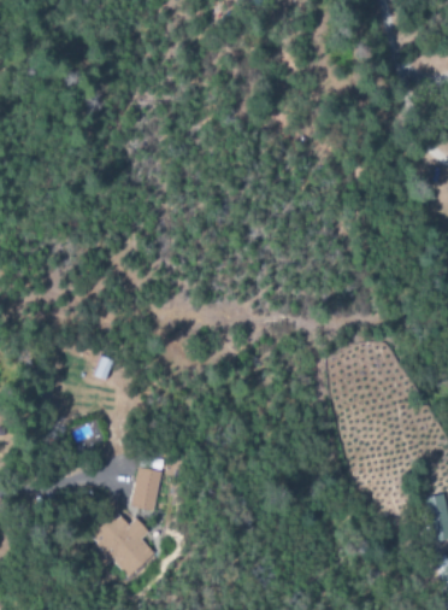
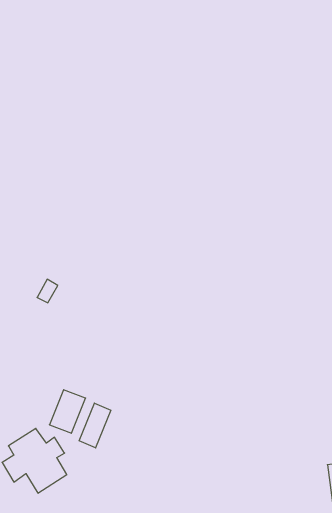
building: none -> [79,403,111,448]

